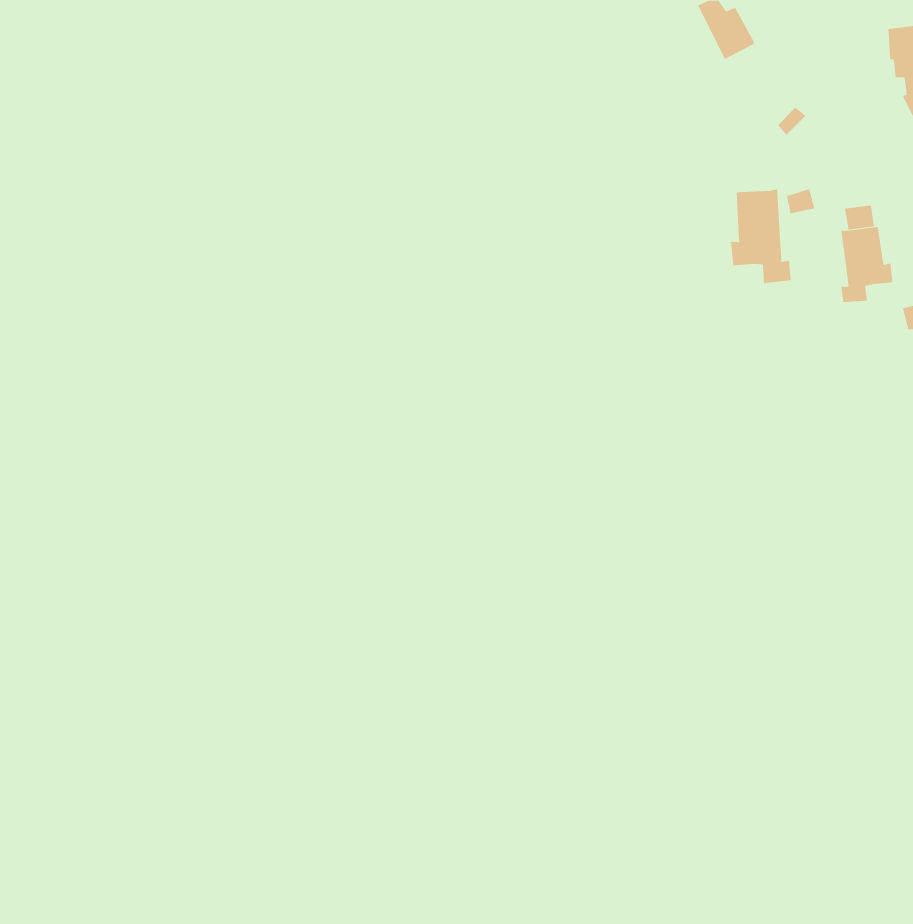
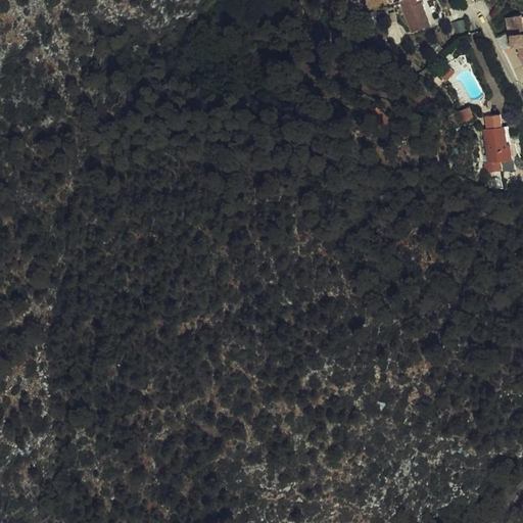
building: [730,189,791,284] -> none

